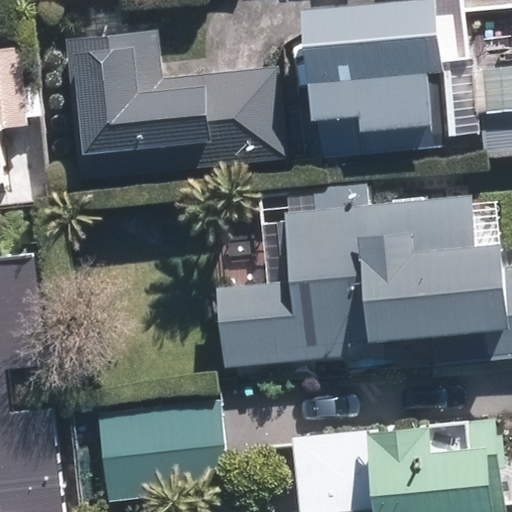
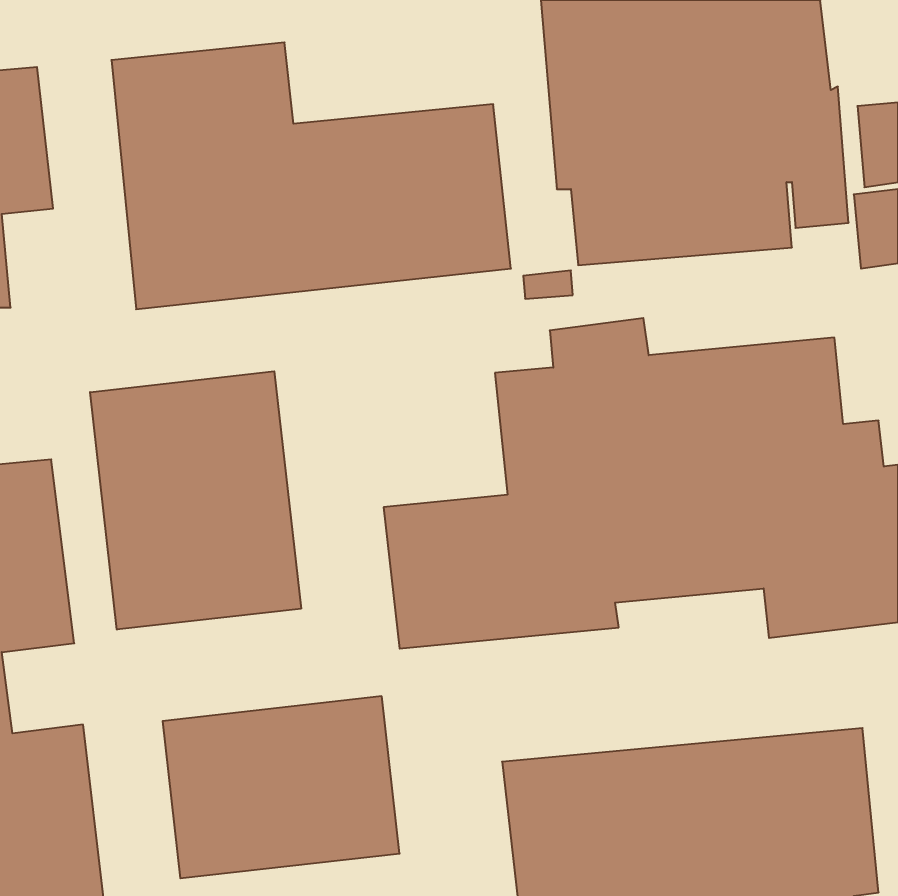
building: none -> [90,371,301,630]

